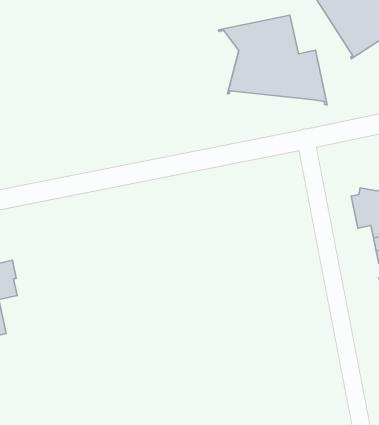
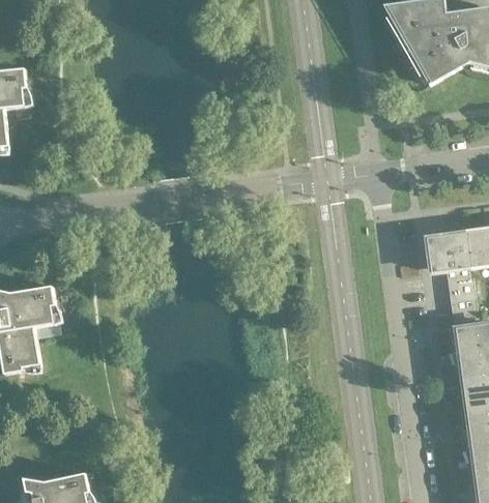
building: [218,15,327,105] -> none

